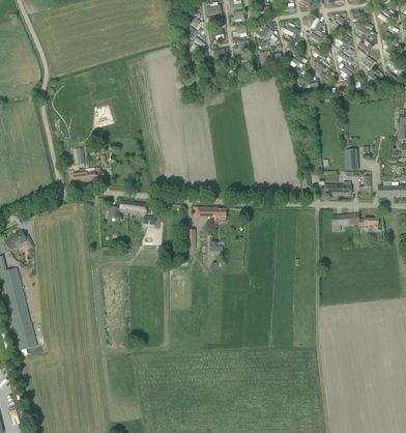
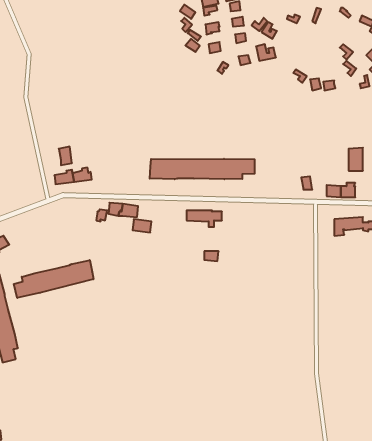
building: none -> [150,159,255,179]
building: none -> [14,260,93,298]

